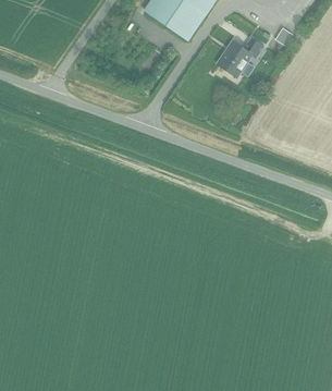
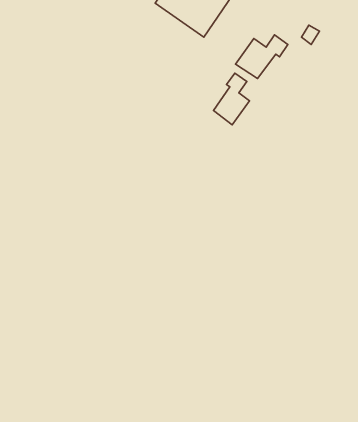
building: none -> [214,73,249,125]

